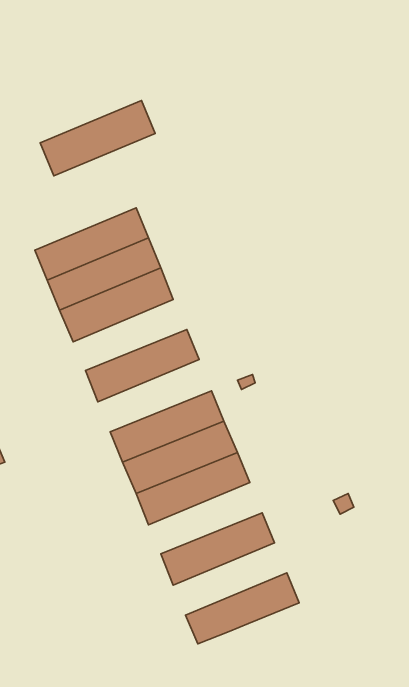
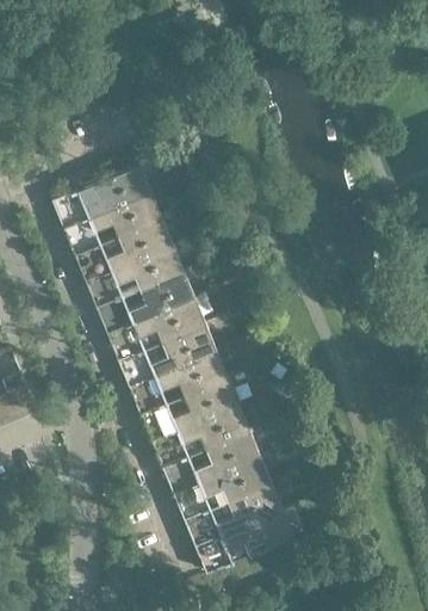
building: [40,101,155,176] -> [50,162,150,228]
building: none -> [95,271,194,333]
building: none -> [117,323,216,387]
building: none -> [161,431,260,493]
building: none -> [182,483,281,547]

